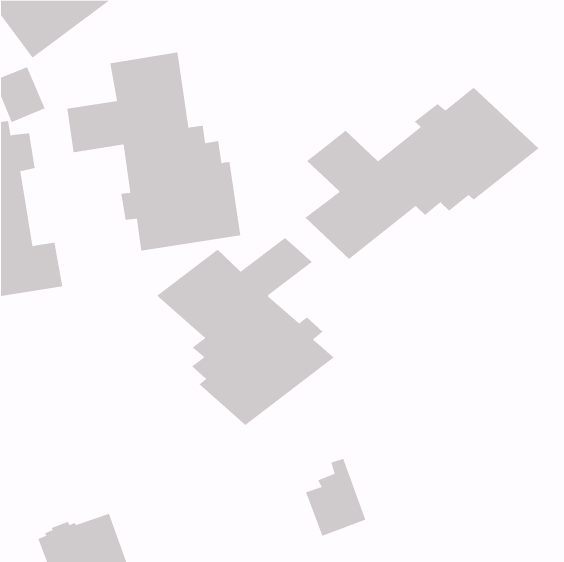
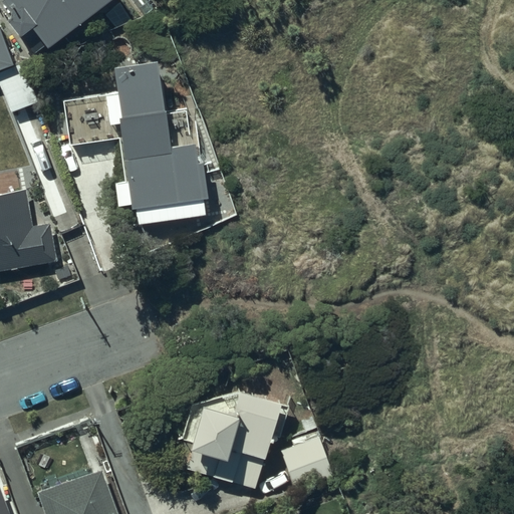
building: [305,87,540,260] -> none
building: [156,237,335,426] -> none
building: none -> [183,390,287,488]

